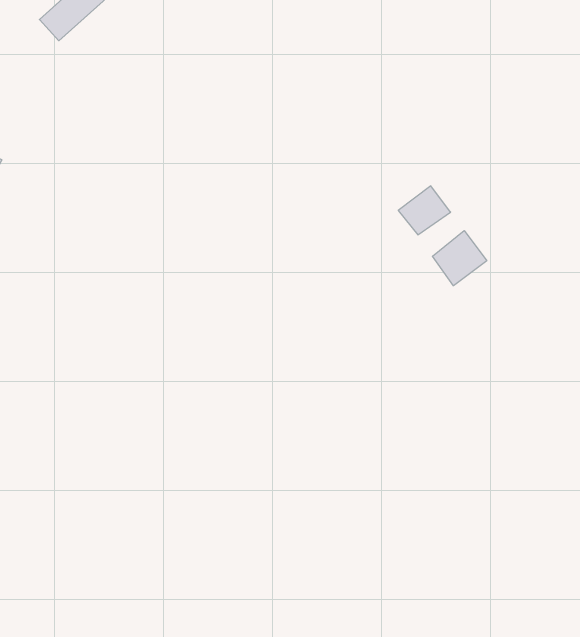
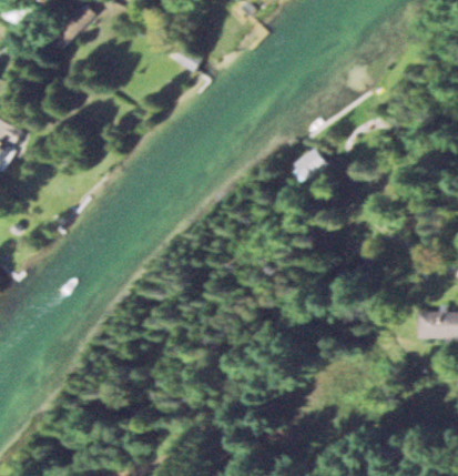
building: [432,231,487,286] -> none

